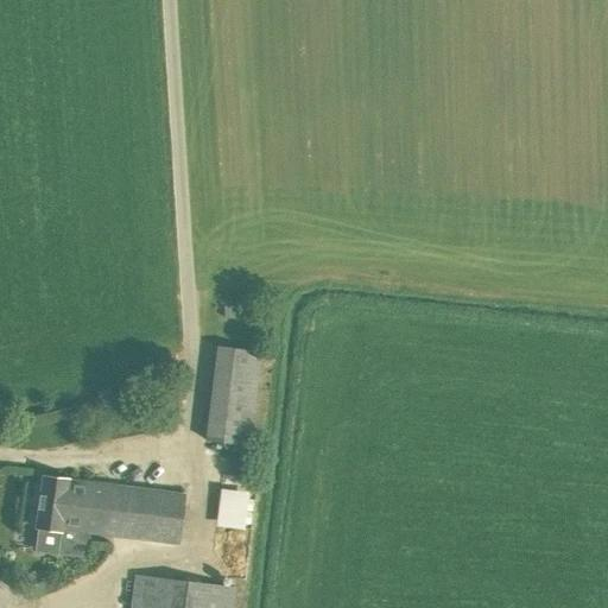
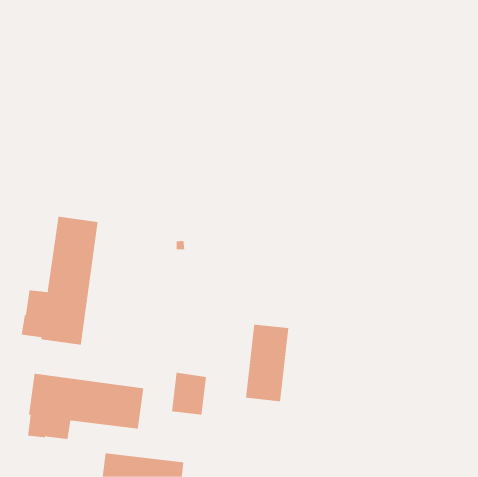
building: none -> [21,216,98,346]
building: [205,346,261,444] -> [245,324,289,402]

